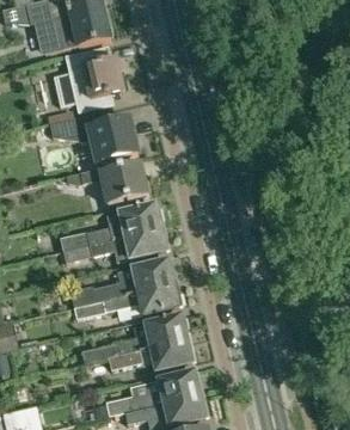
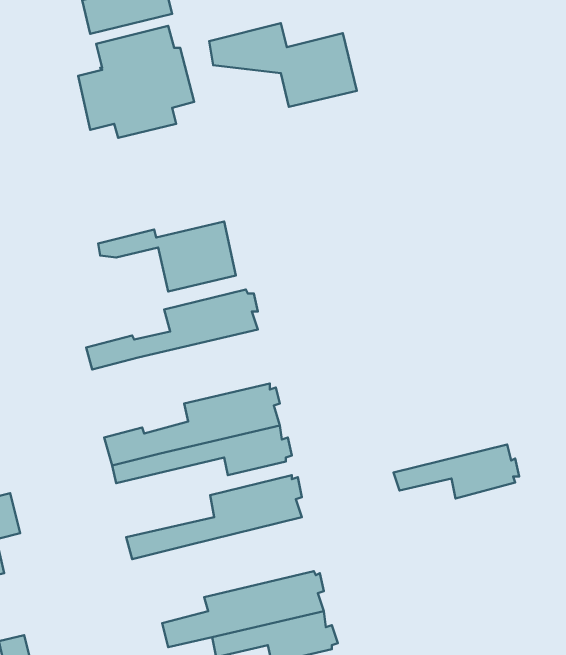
building: [49,112,137,162] -> [209,23,357,107]
building: [62,227,170,264] -> none
building: [119,339,195,371] -> [393,445,519,499]

